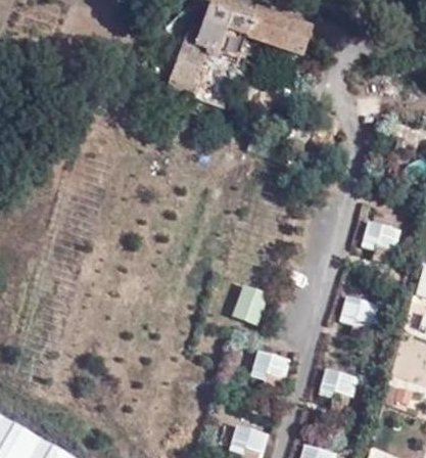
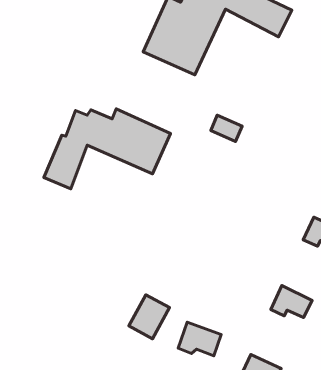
building: none -> [44,109,171,189]
building: [231,282,269,325] -> [129,295,170,339]

